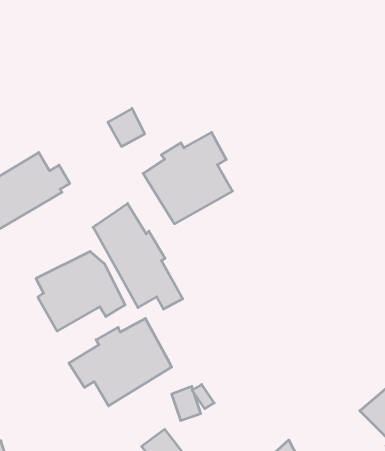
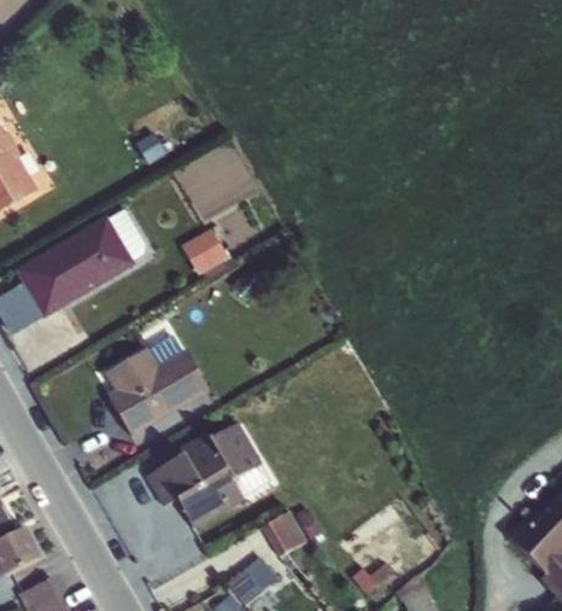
building: [108,108,145,146] -> [183,222,229,269]
building: [143,132,233,224] -> none
building: [93,203,183,309] -> none

